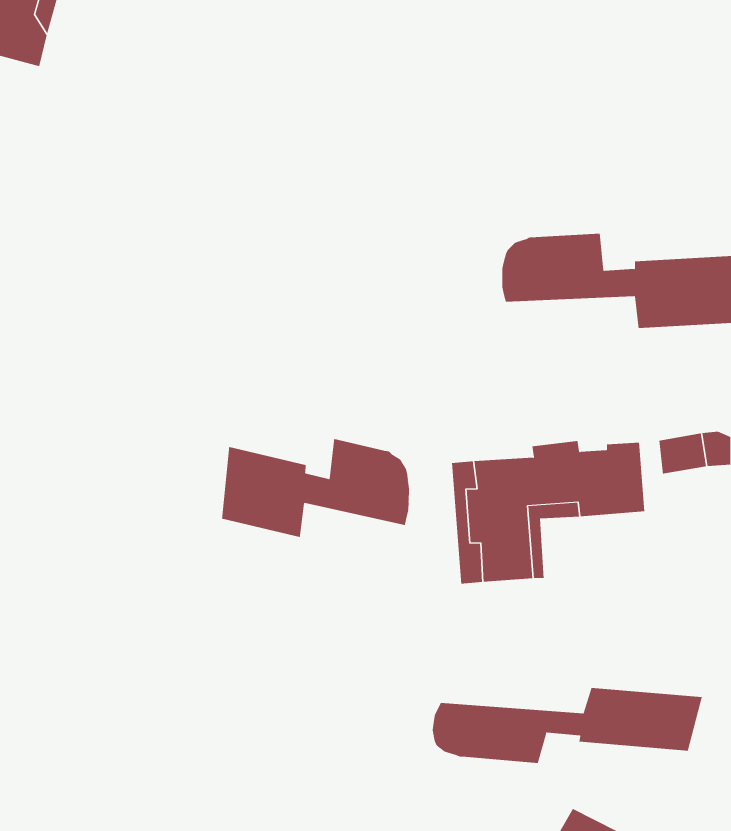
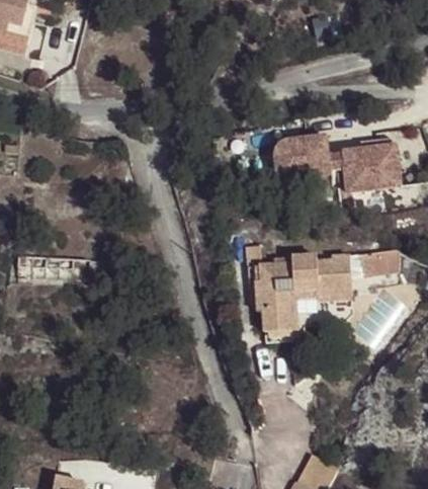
building: [221,438,410,538] -> none
building: [432,687,703,764] -> none

